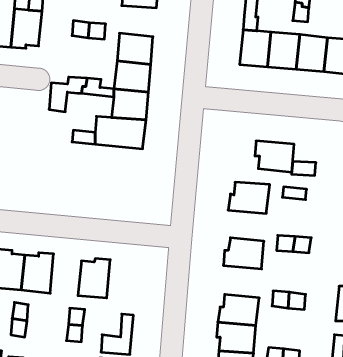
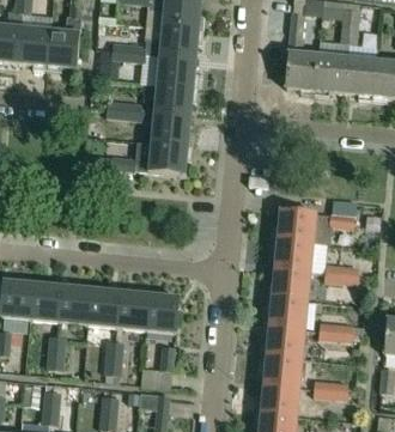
building: none -> [160,25,199,57]
building: [255,141,294,172] -> [272,237,312,269]
building: none -> [89,282,121,325]
building: none -> [147,288,180,331]
building: none -> [267,294,308,328]

